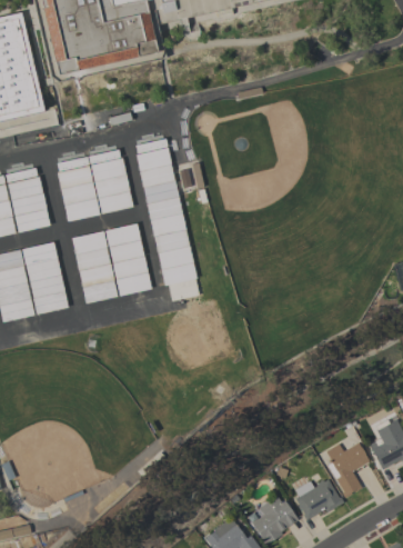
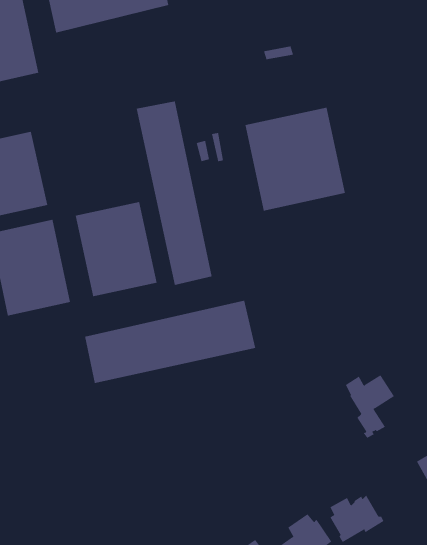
building: none -> [245,107,345,211]
building: [54,145,125,221] -> none
building: none -> [85,300,256,384]
building: [328,441,371,497] -> [345,375,395,438]

